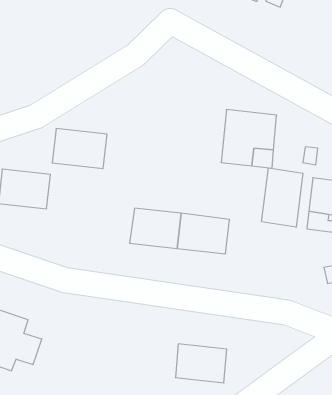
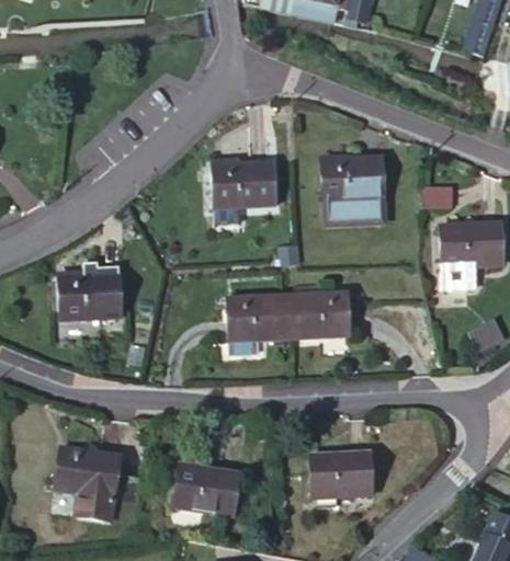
building: [52,128,107,169] -> [209,160,275,206]
building: [262,168,303,227] -> none
building: none -> [173,461,239,512]

